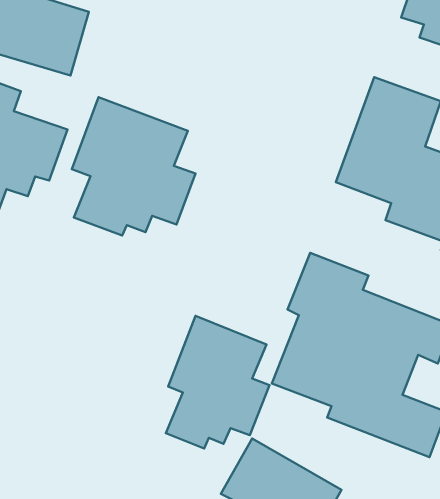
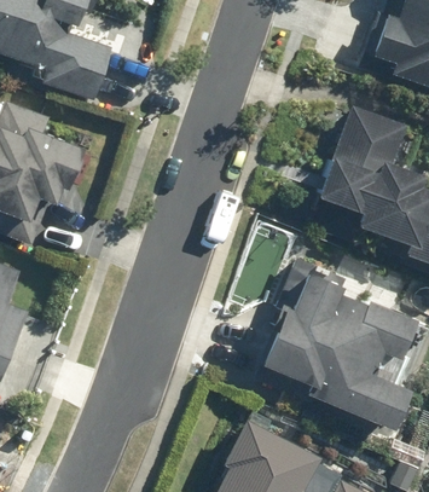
building: [72,97,195,236] -> none
building: [166,316,269,448] -> none

